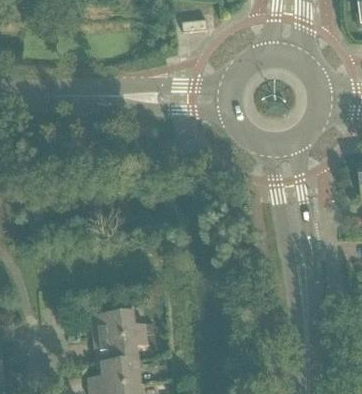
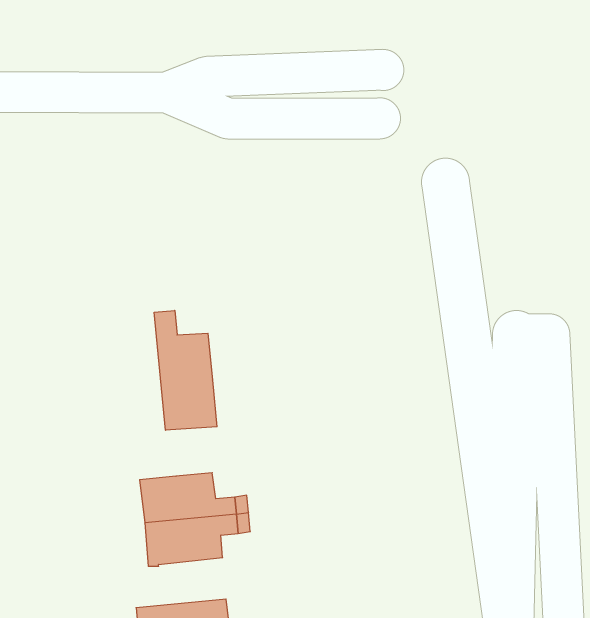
building: none -> [154,310,217,430]
building: [87,351,140,380] -> none

